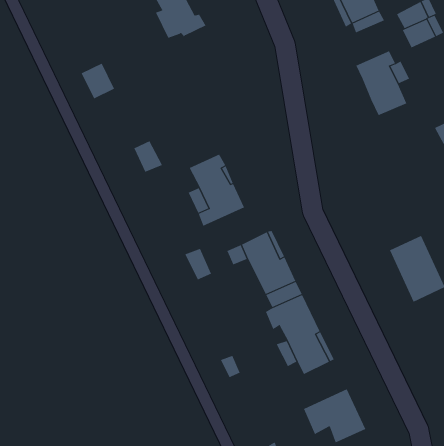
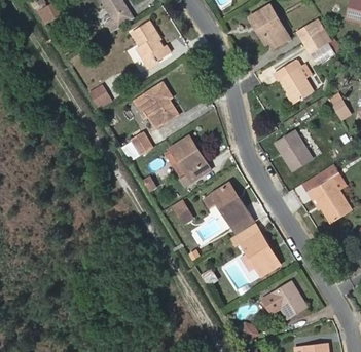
building: none -> [144,81,178,127]
building: none -> [273,128,310,168]

